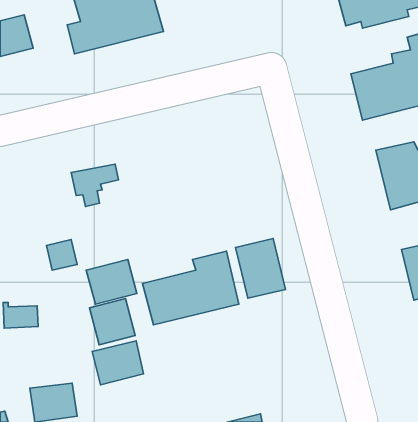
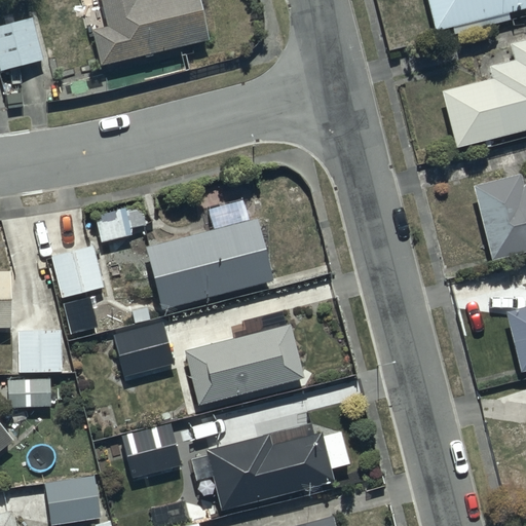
building: none -> [135,197,273,311]
building: none -> [53,247,107,299]
building: [235,239,286,298] -> none
building: none -> [18,331,66,373]
building: [89,299,135,345] -> none
building: none -> [204,420,350,511]

